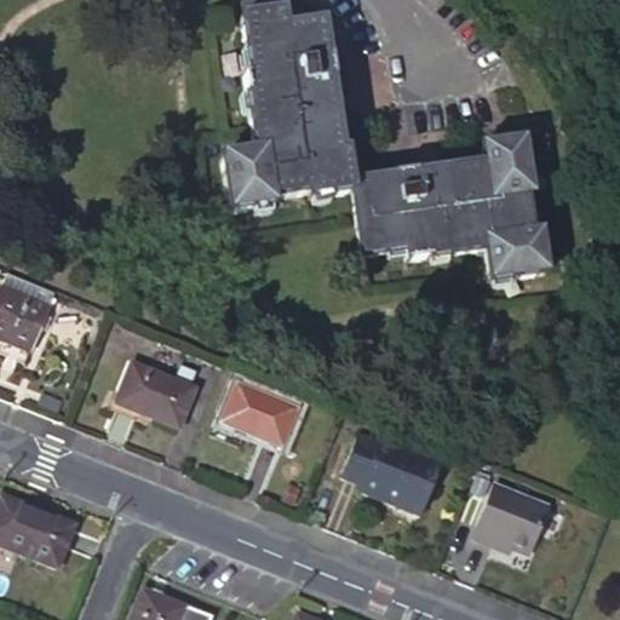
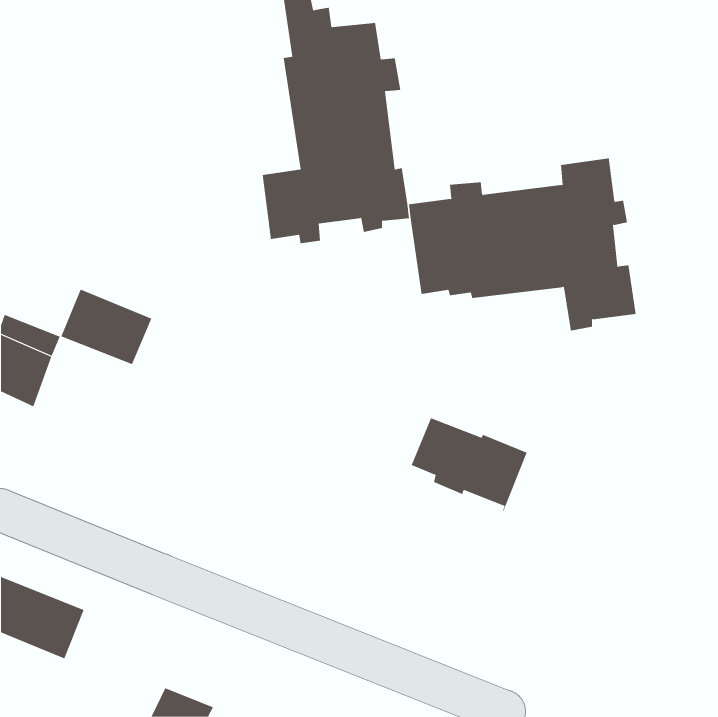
building: [116,362,195,427] -> [61,289,152,365]
building: [220,381,297,446] -> none
building: [341,432,442,513] -> [411,417,528,512]
building: [473,484,547,553] -> none

